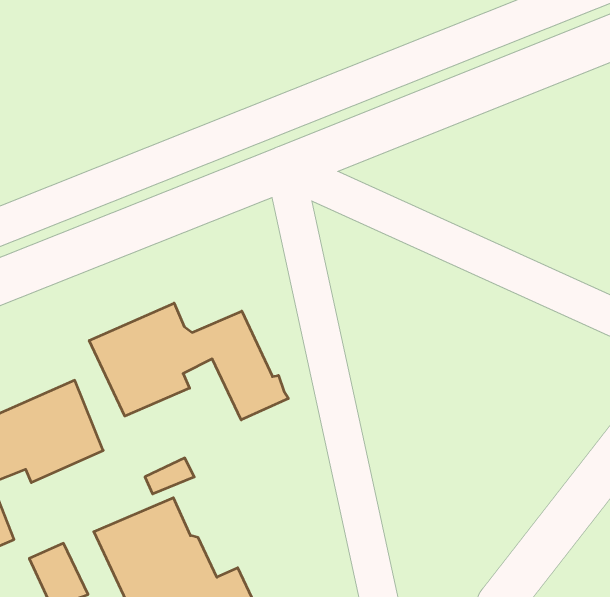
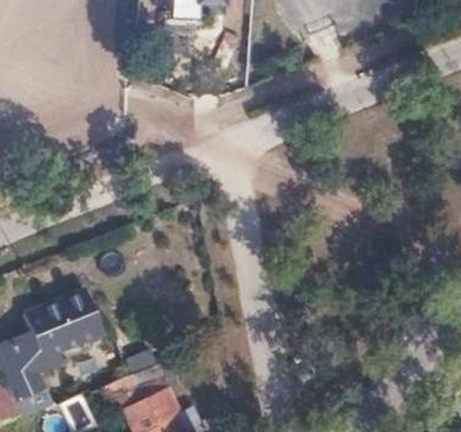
building: [89,303,288,420] -> none

